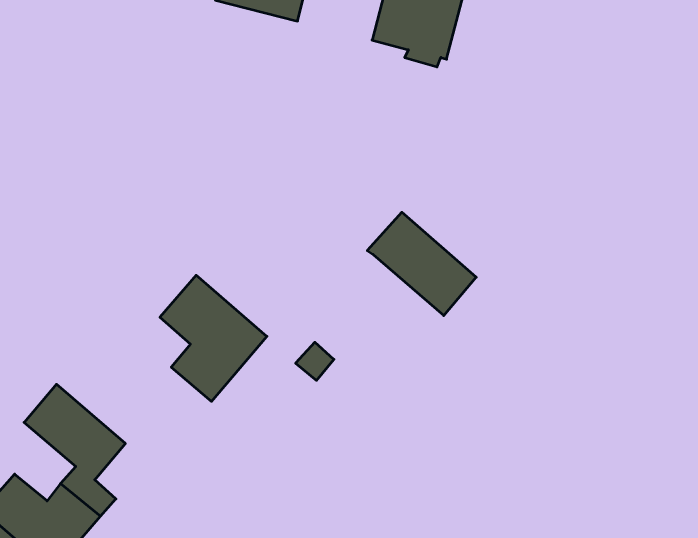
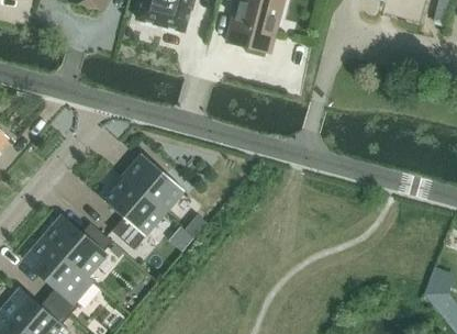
building: [367,212,476,316] -> [122,152,185,211]
building: none -> [45,216,113,272]

